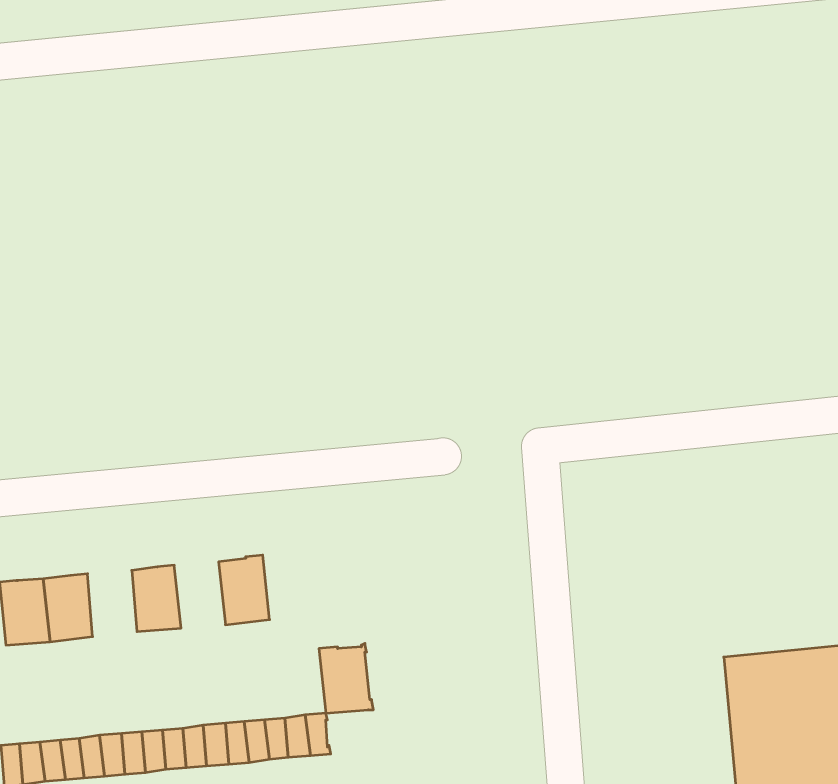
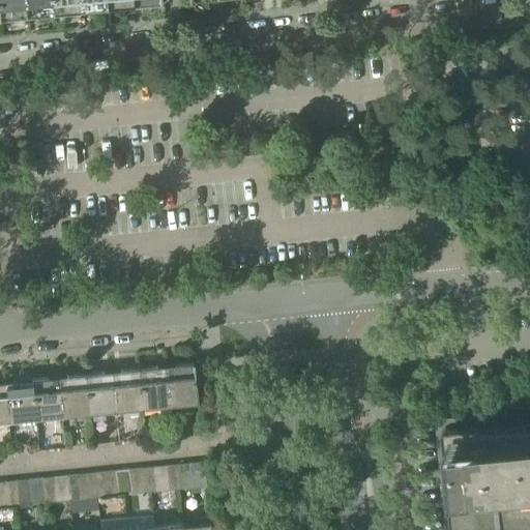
building: none -> [107,371,138,411]
building: none -> [54,376,84,416]
building: [319,643,373,713] -> [160,363,194,406]

